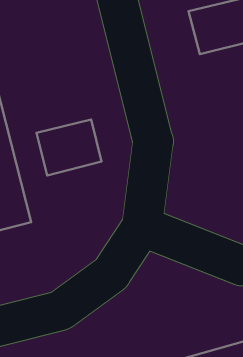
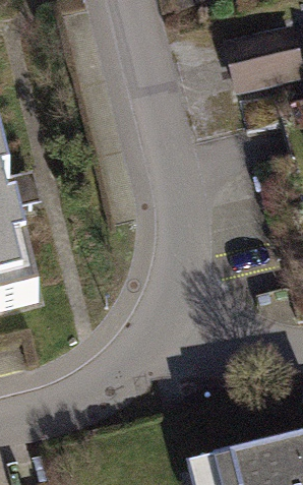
building: [36,119,102,176] -> none

